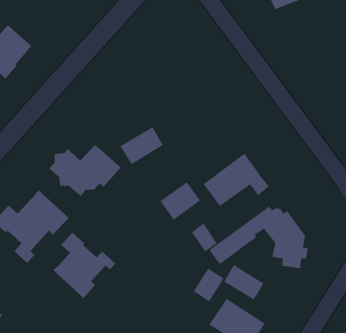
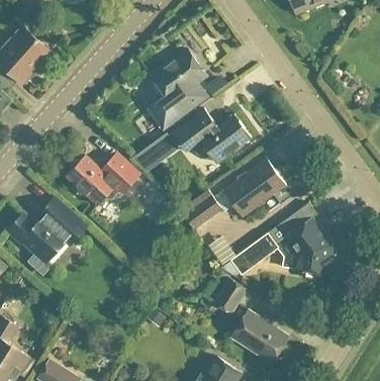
building: none -> [149,49,206,128]
building: none -> [172,112,251,163]
building: [53,232,116,299] -> none
building: [223,264,264,301] -> none

